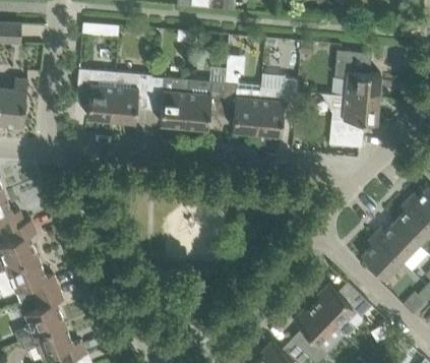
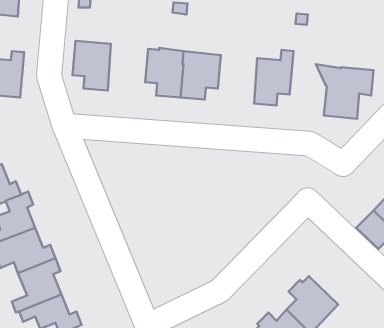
building: [333,51,380,99] -> none
building: [222,56,261,132] -> none
building: [111,72,151,121] -> none
building: [313,283,371,337] -> none

